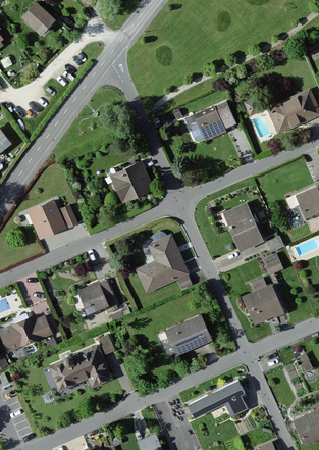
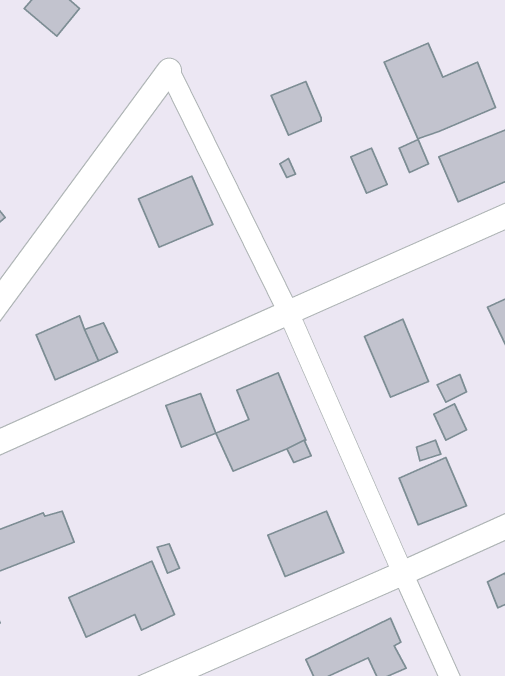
building: none -> [384,43,495,140]
building: [195,107,224,139] -> [271,82,321,135]
building: [110,162,154,204] -> [138,176,213,247]
building: [77,284,107,315] -> [166,394,216,447]

